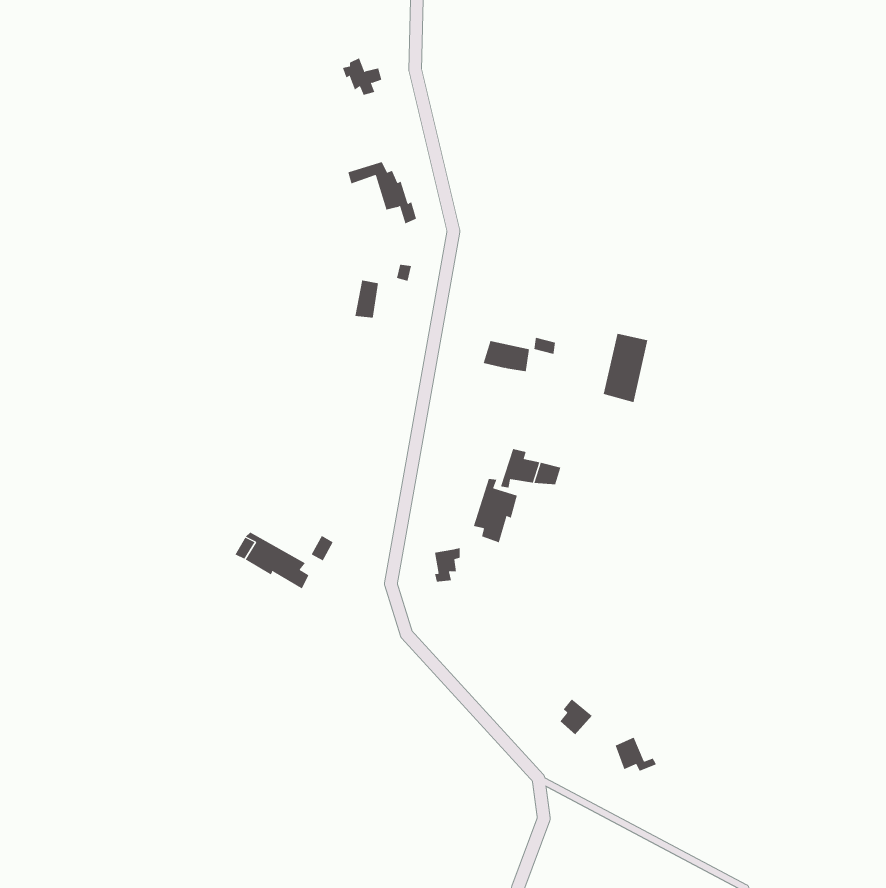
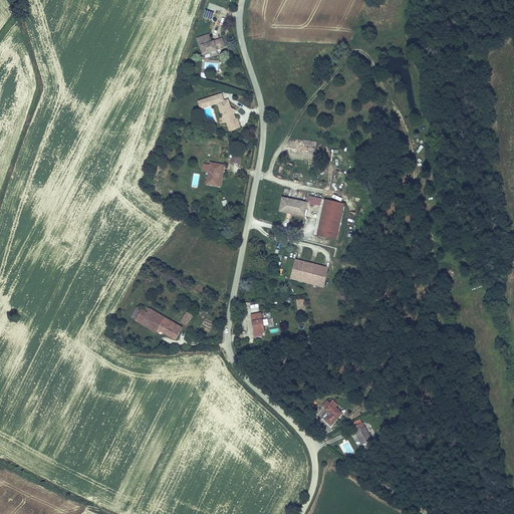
building: [603,333,648,403] -> [318,198,344,238]
building: [473,478,518,543] -> none

